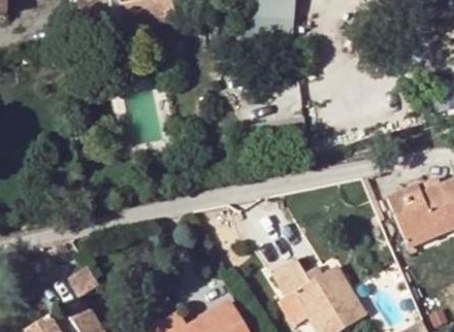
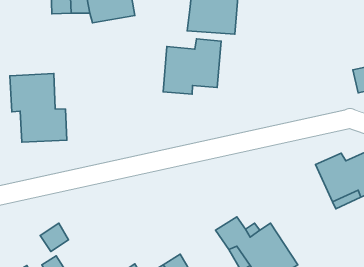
building: none -> [163,39,221,94]
building: none -> [10,73,67,142]

